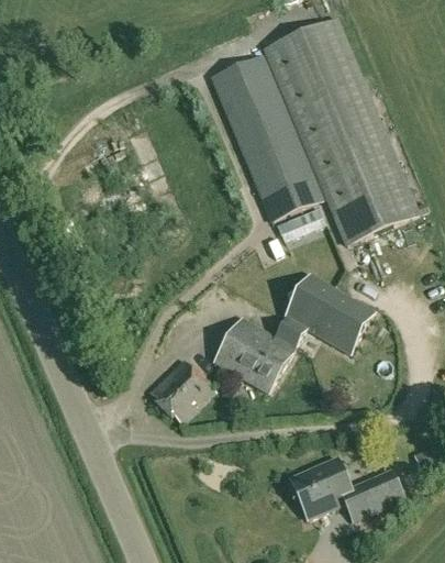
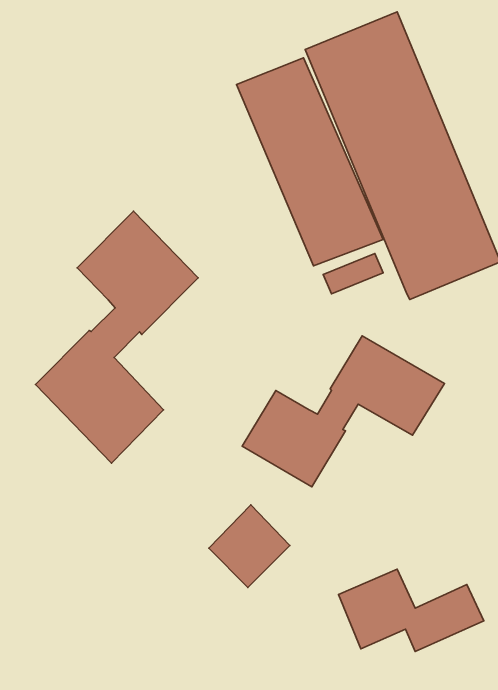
building: none -> [36,211,198,463]
building: [151,357,214,422] -> [209,505,290,587]

